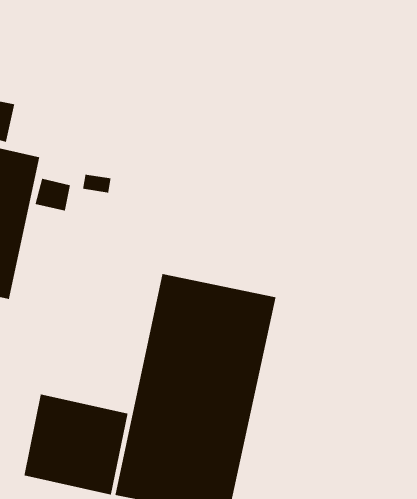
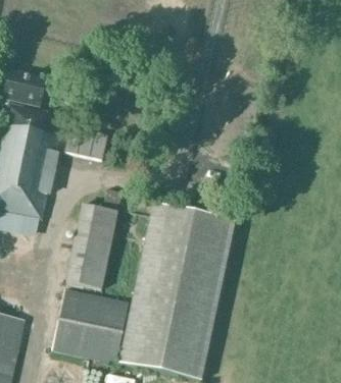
building: none -> [66,189,121,290]

